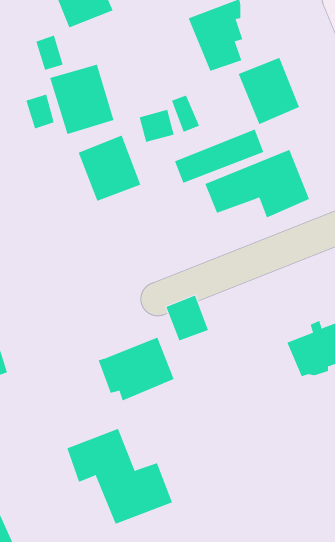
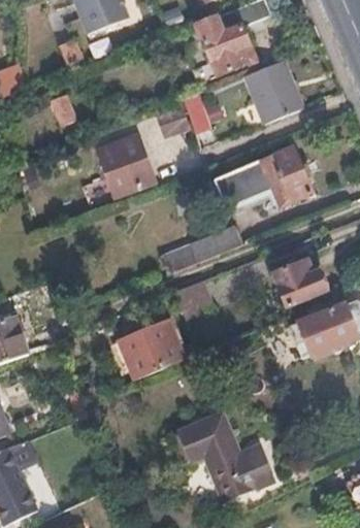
building: [49,64,114,135] -> none
building: [174,129,264,183] -> [160,225,243,275]
building: none -> [273,259,326,302]
building: [66,428,173,525] -> [176,412,275,502]

